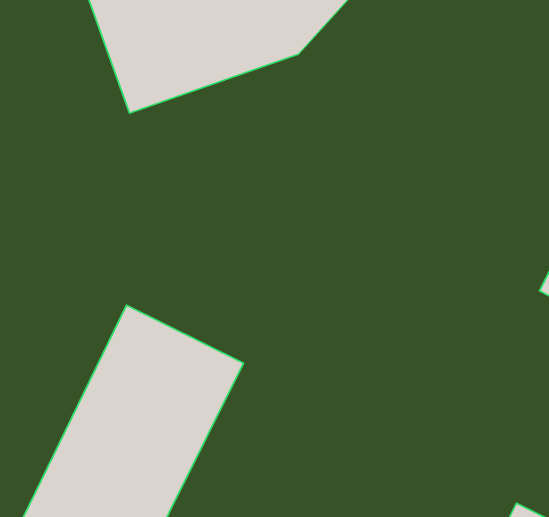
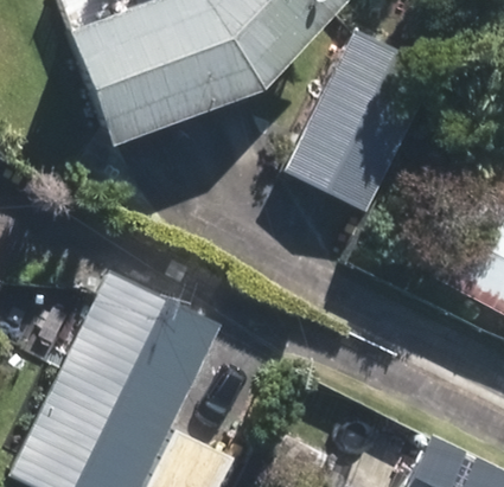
building: none -> [293,45,426,203]

